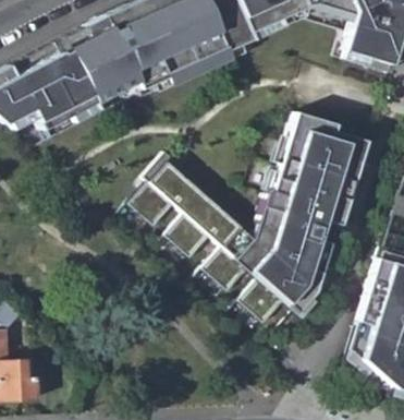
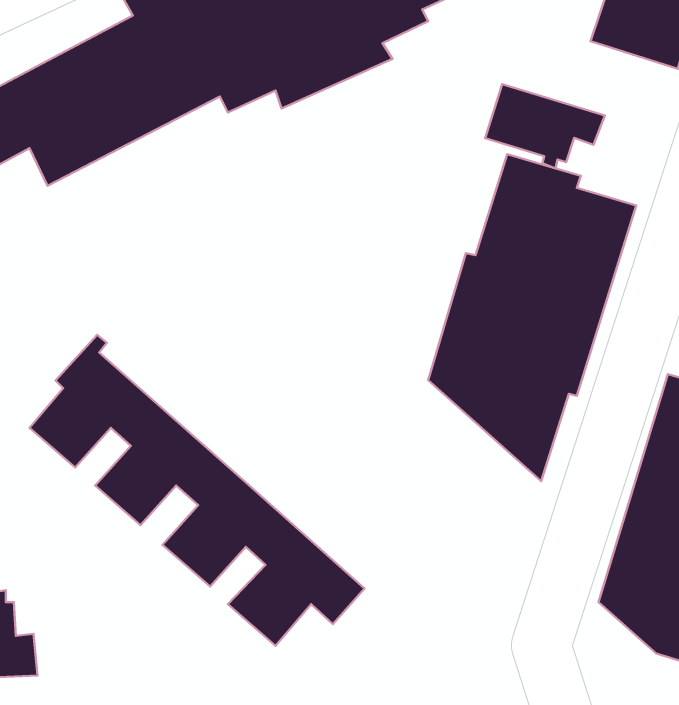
building: none -> [485,84,605,168]
building: [130,153,314,324] -> [30,335,365,646]

